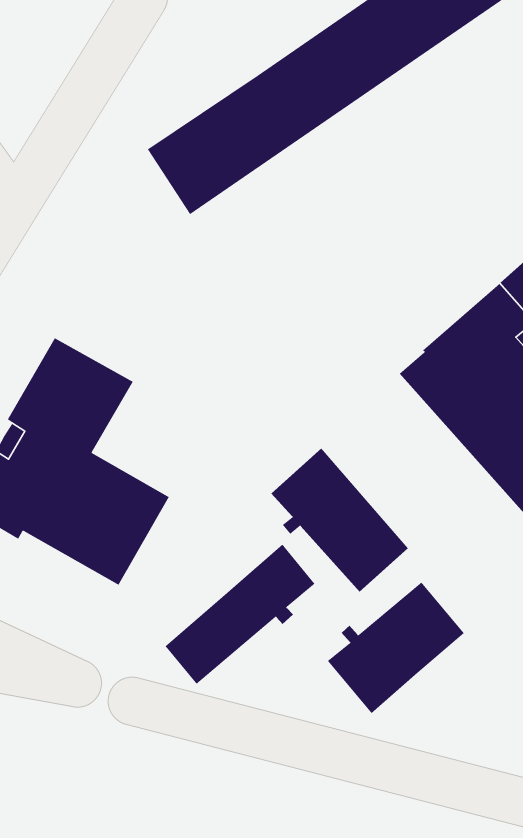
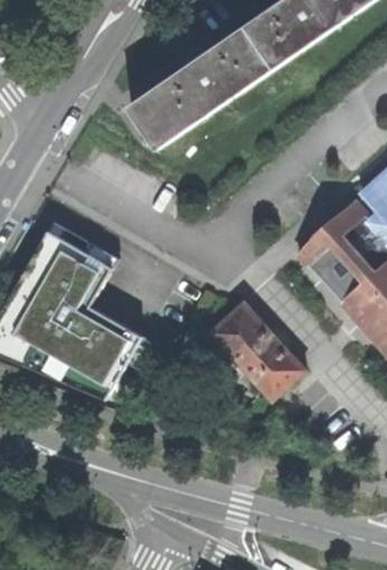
building: [164,543,316,685] -> none
building: [327,582,465,714] -> none

